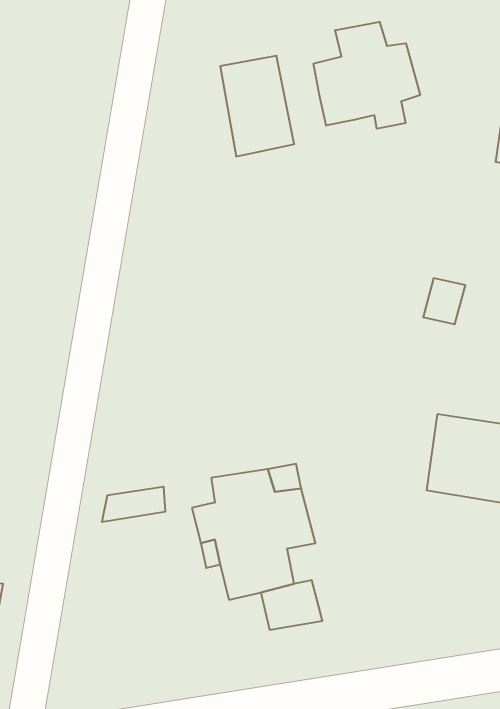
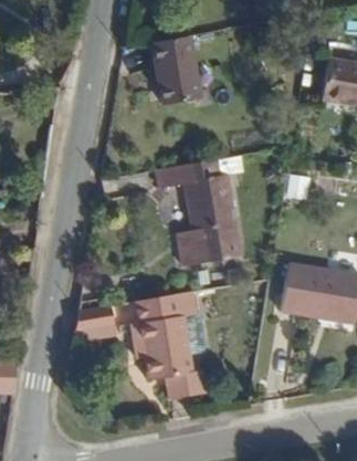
building: [314,22,420,129] -> none
building: none -> [157,160,234,264]

